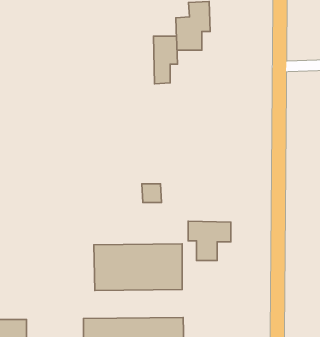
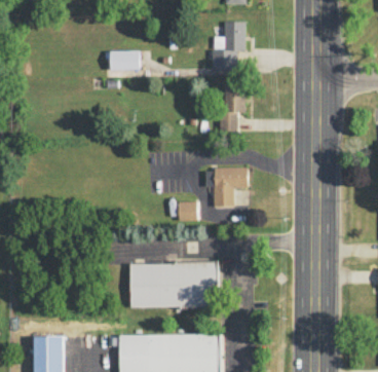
building: none -> [110,51,140,70]
building: [154,36,177,84] -> [222,85,245,133]
building: [188,221,231,260] -> [205,169,248,208]

